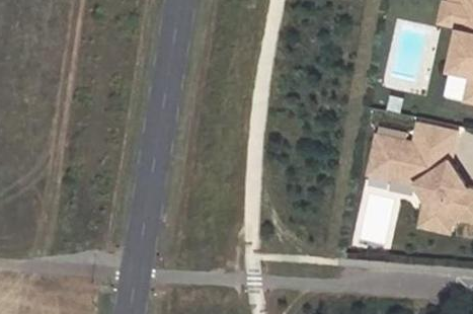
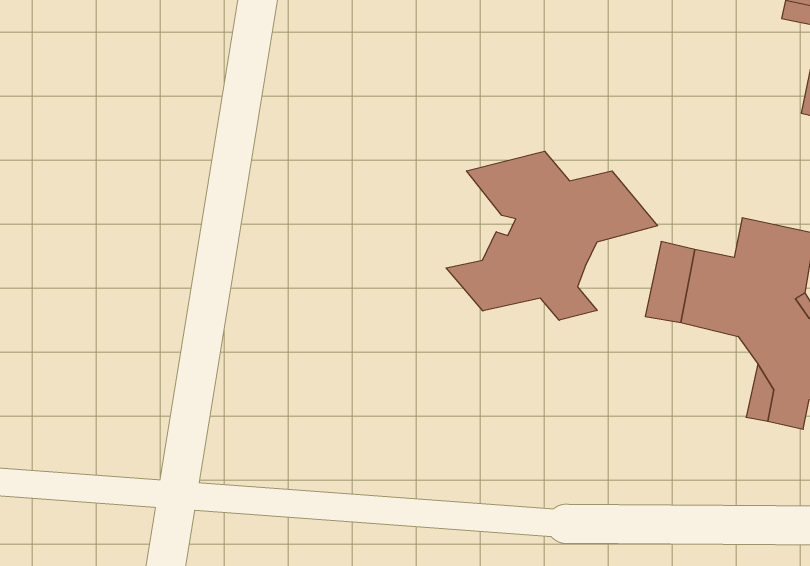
building: none -> [446,151,658,320]

